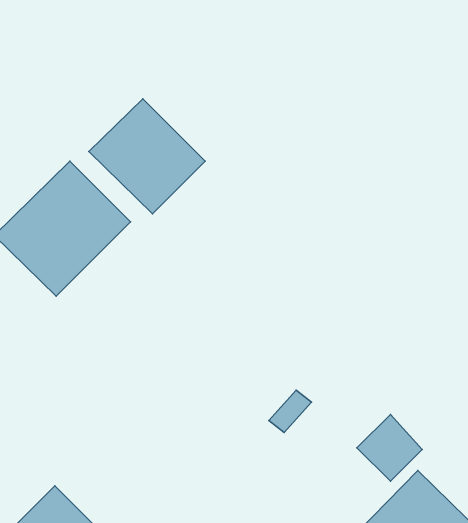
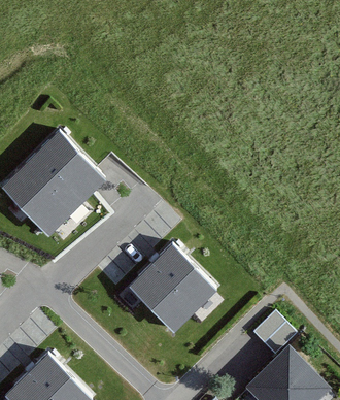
building: [89,99,205,214] -> none
building: none -> [131,247,208,325]

